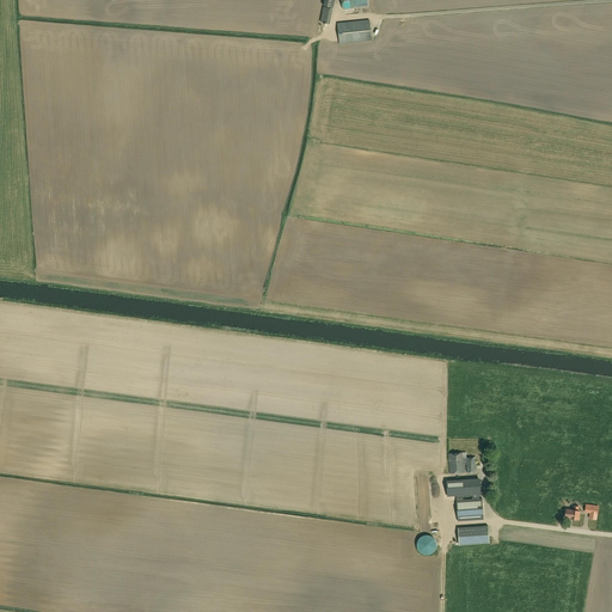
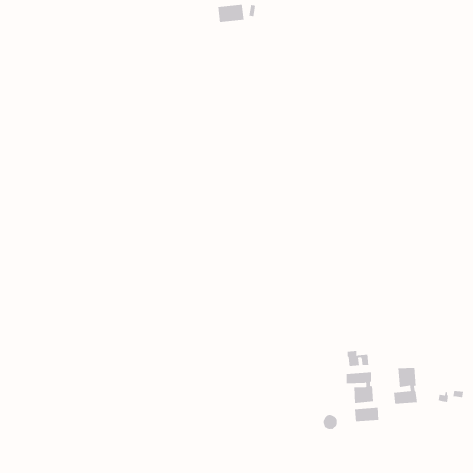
building: [336,19,371,43] -> [217,4,244,23]
building: none -> [393,367,417,404]

